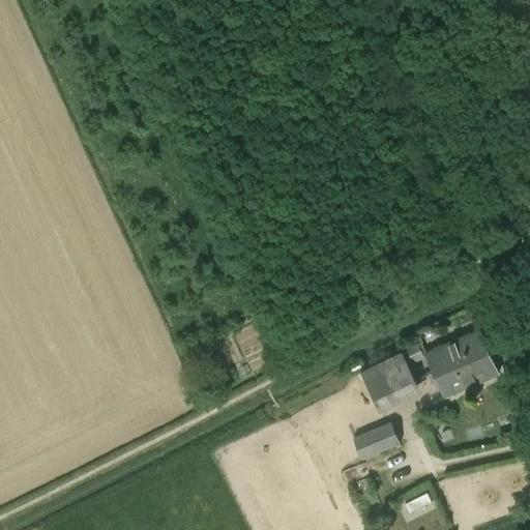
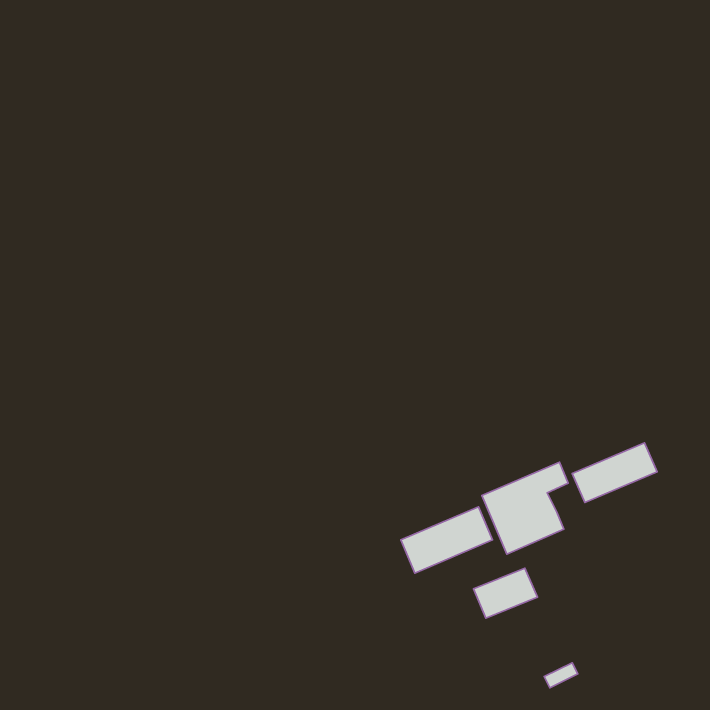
building: [435,352,498,396] -> none
building: none -> [401,507,493,573]

